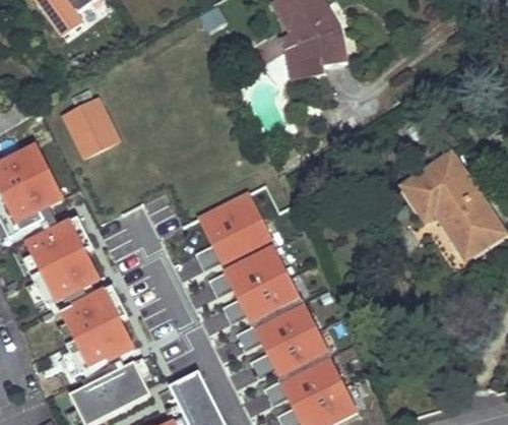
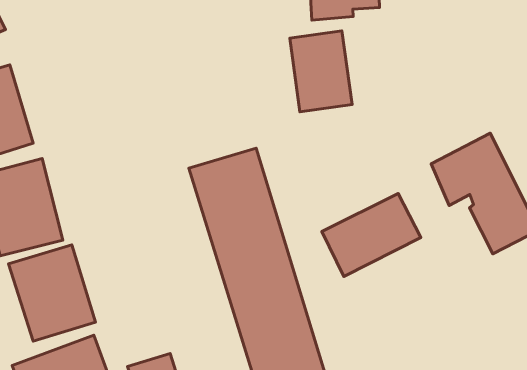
building: none -> [290,31,352,112]
building: [58,95,119,160] -> none
building: none -> [322,193,421,276]

